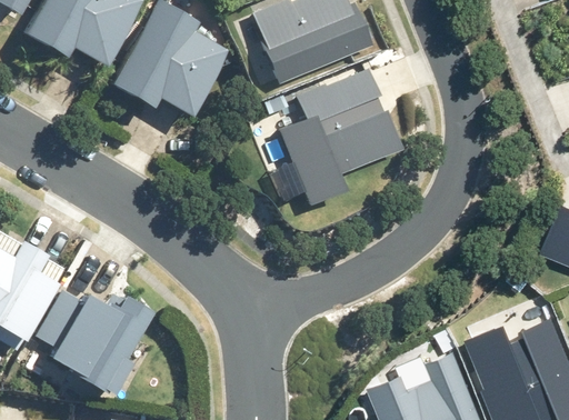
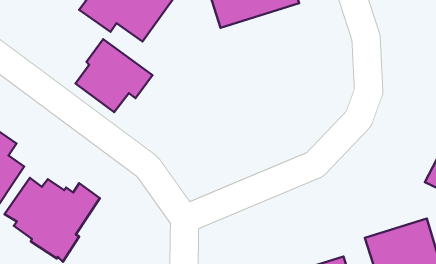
building: [283,73,407,210] -> none
building: none -> [75,39,153,112]

